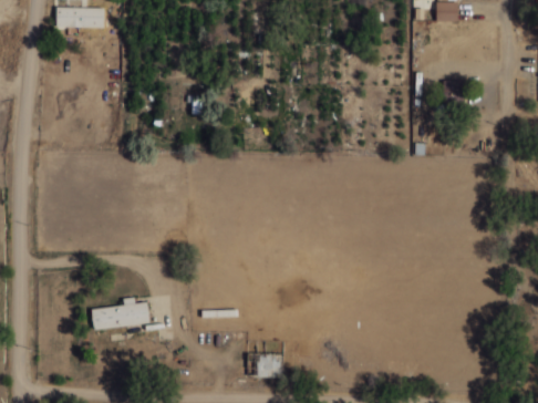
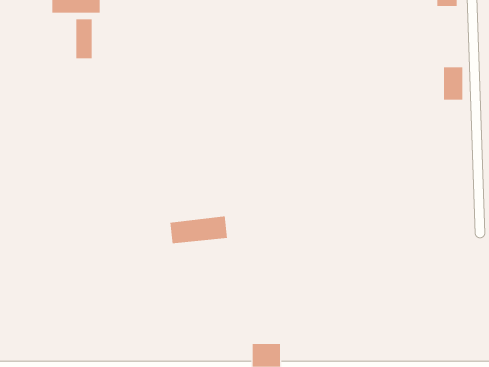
building: none -> [76,19,92,59]
building: [92,301,149,329] -> [170,216,228,244]

